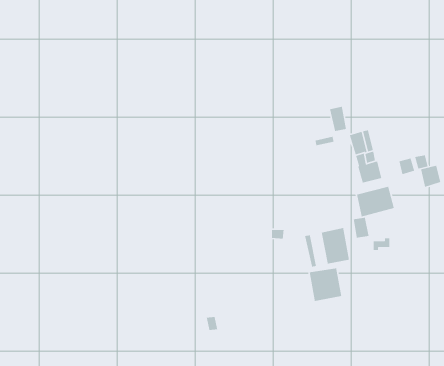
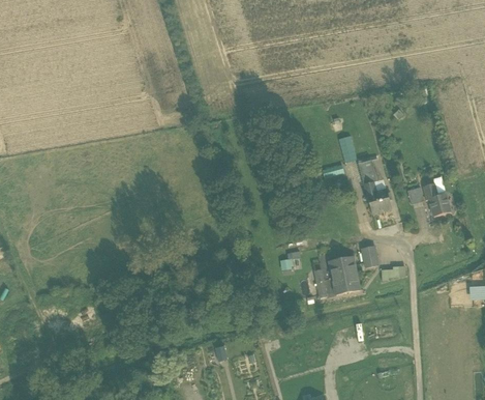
building: [356,186,395,217] -> none
building: [309,267,342,302] -> none

